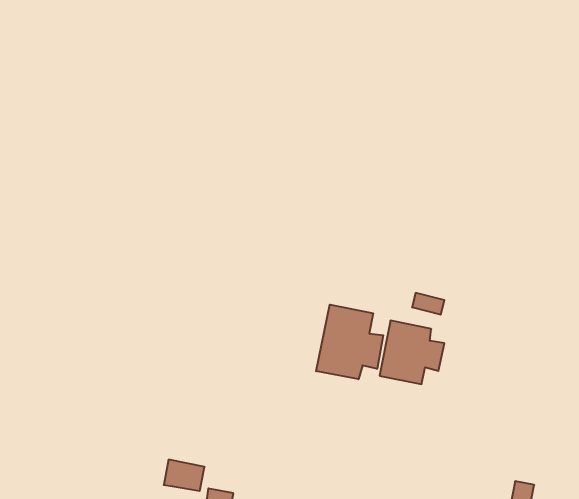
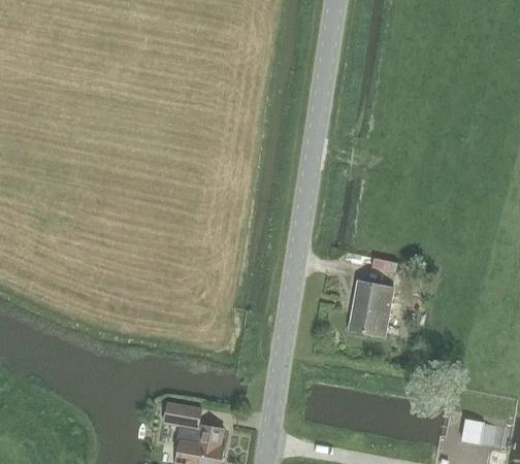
building: [316,305,383,379] -> none

